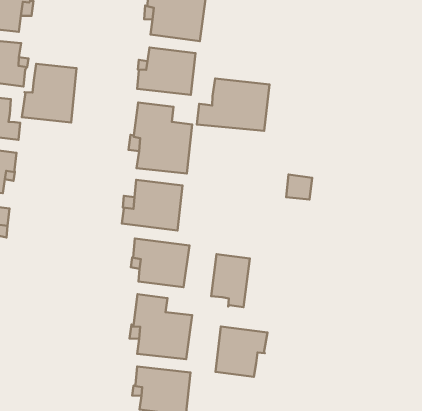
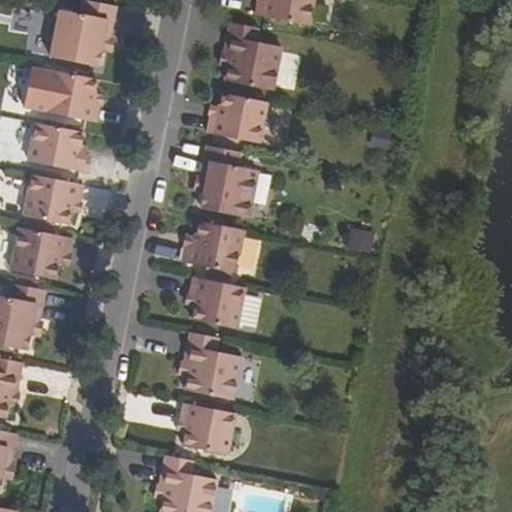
building: [22,64,76,123] -> none
building: [197,78,269,131] -> none
building: [211,254,250,307] -> none
building: [216,326,267,377] -> none

